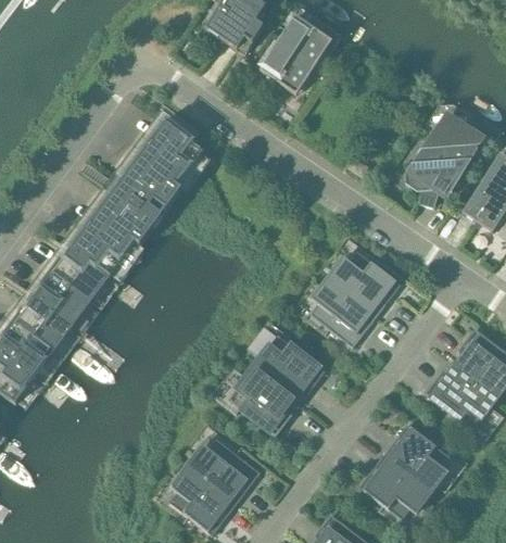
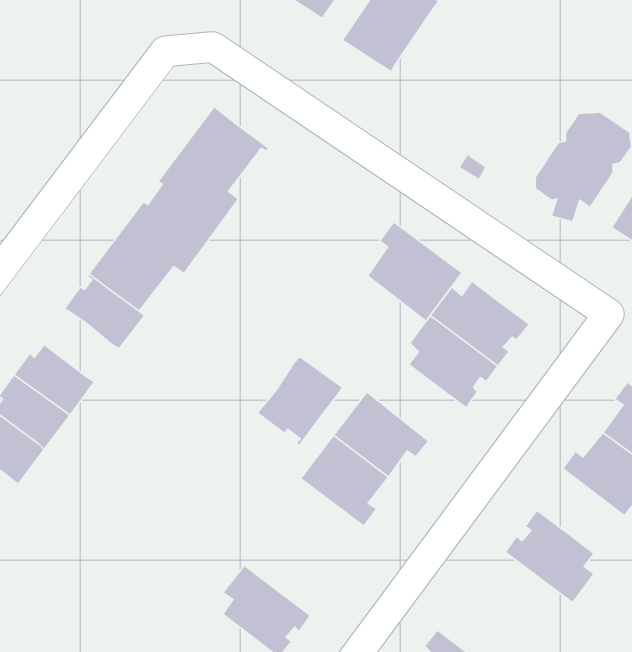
building: none -> [367,222,462,321]
building: [35,270,91,326] -> none
building: none -> [257,357,343,446]
building: [186,438,260,502] -> none
building: [358,454,433,517] -> none

